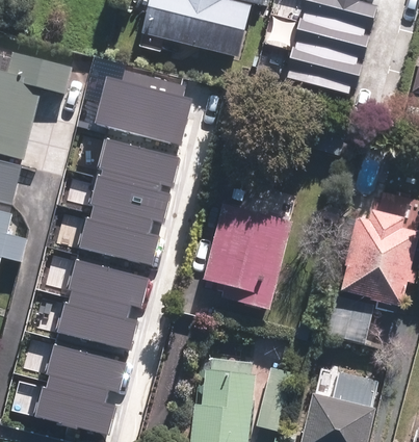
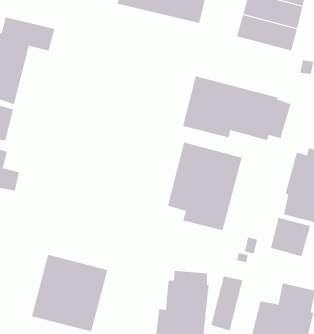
building: [95,70,194,139] -> none
building: none -> [182,76,291,141]
building: [80,135,184,264] -> none
building: [62,256,153,345] -> none

